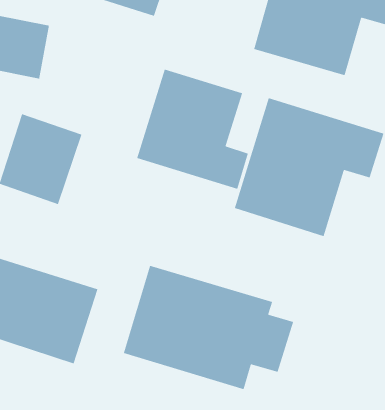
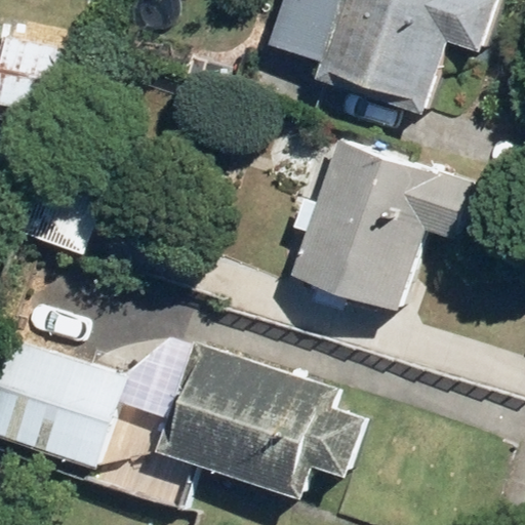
building: [136,69,249,190] -> none

